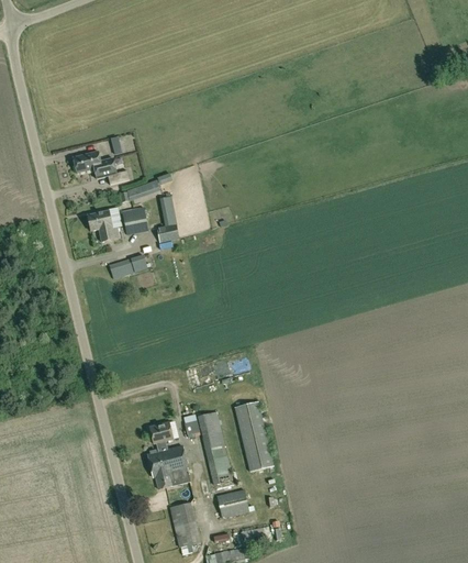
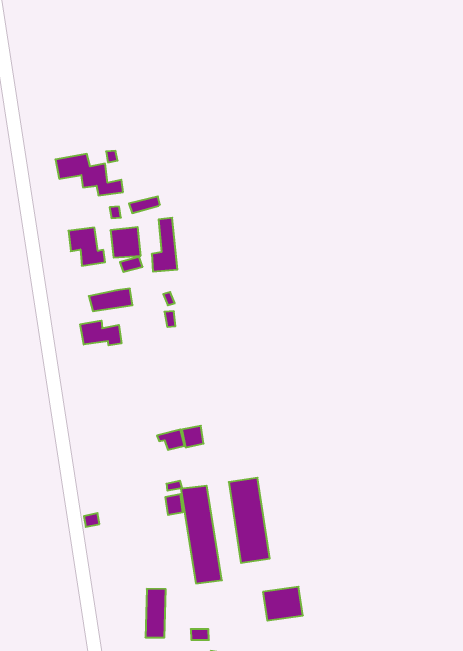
building: none -> [80,321,121,345]
building: [147,422,188,489] -> none
building: [216,489,250,519] -> [263,587,303,621]

